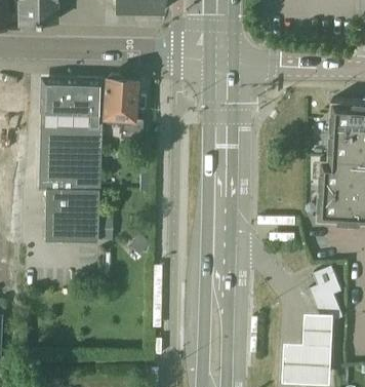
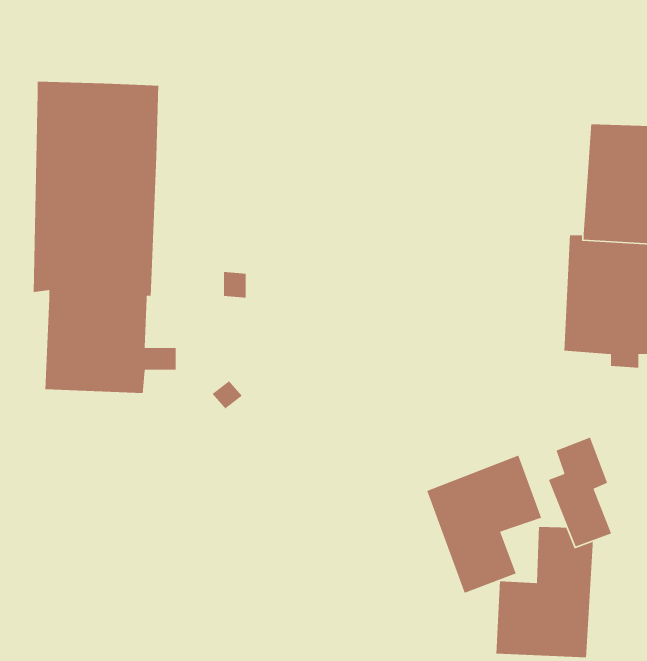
building: [104,75,141,139] -> none
building: none -> [426,454,542,594]

